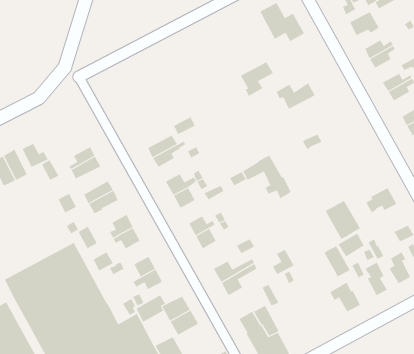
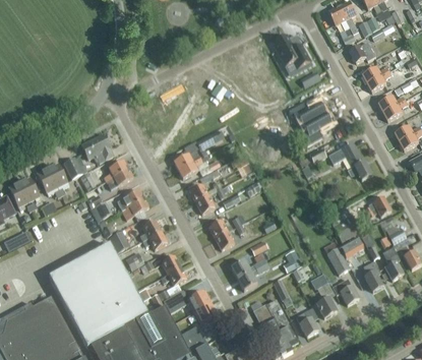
building: [240,61,274,96] -> [296,115,325,145]
building: none -> [80,133,113,162]
building: [243,155,292,199] -> [327,141,370,180]
building: none -> [315,274,336,317]
building: none -> [295,306,317,336]

